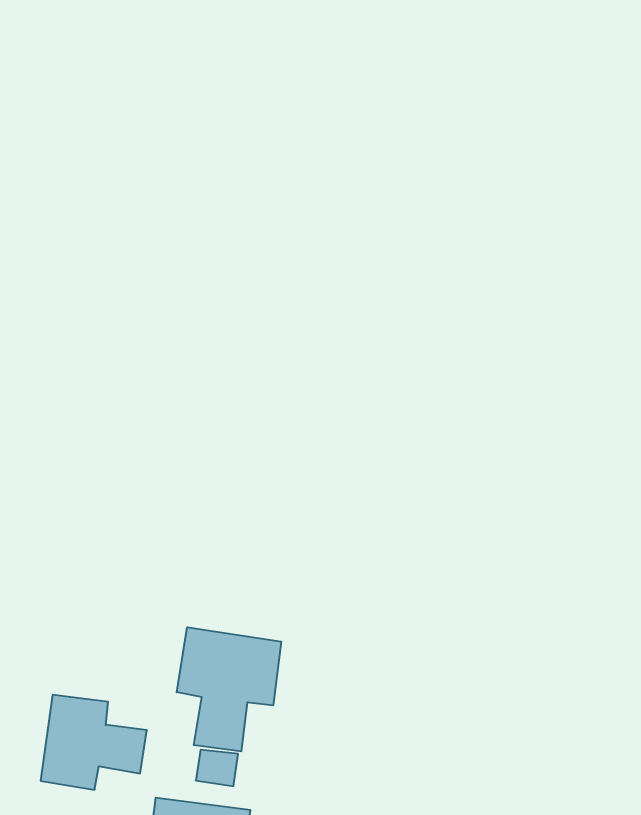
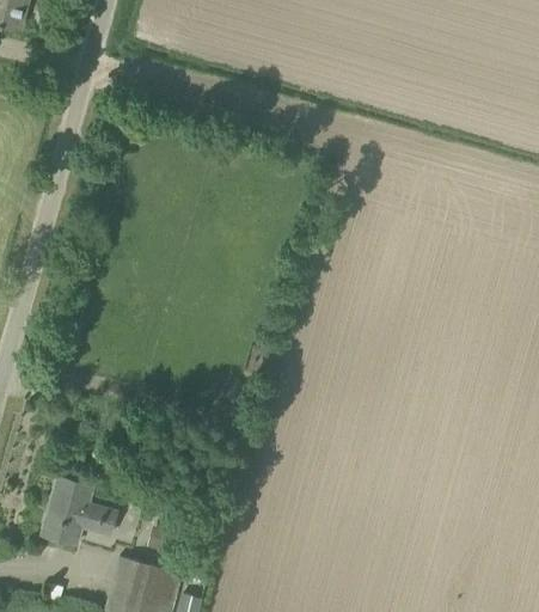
building: [177,627,281,751] -> none

